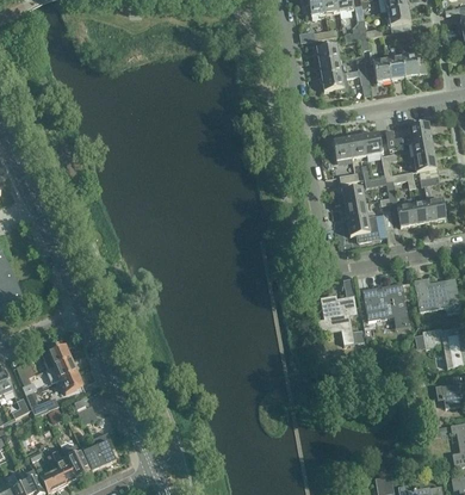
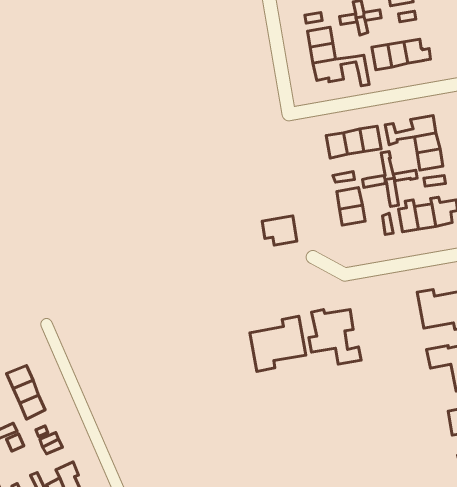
building: [347,215,378,241] -> [262,216,297,245]
building: [362,281,409,327] -> none
building: none -> [250,316,306,371]

